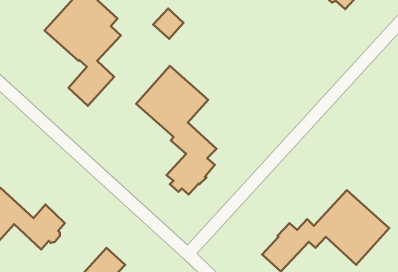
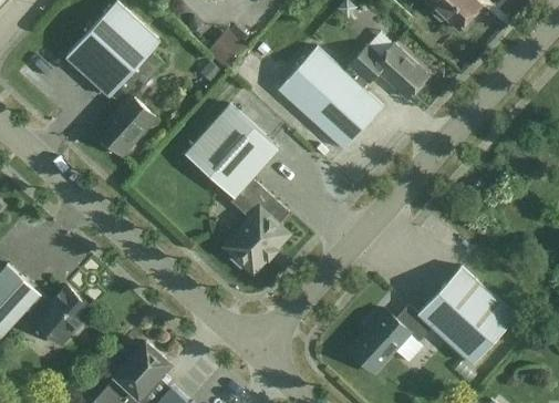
building: none -> [277,44,428,149]

